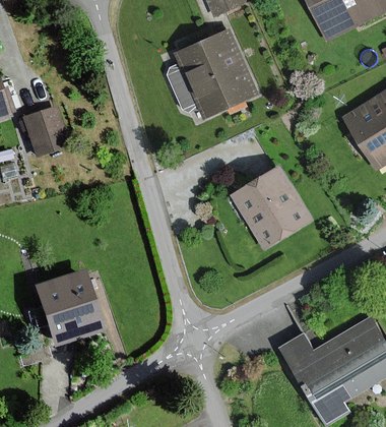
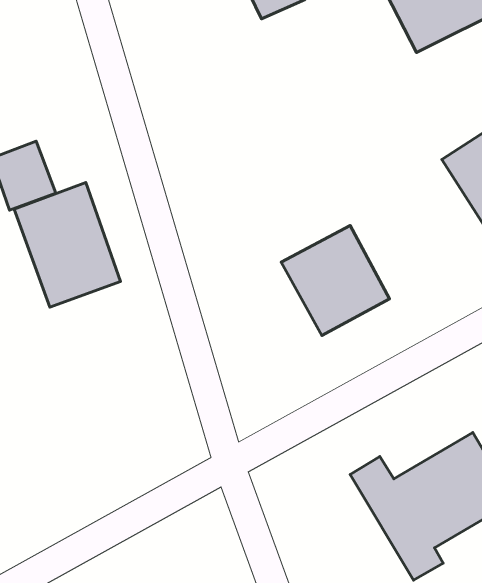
building: [175,28,257,117] -> none
building: none -> [14,183,121,307]
building: [33,272,98,341] -> none

